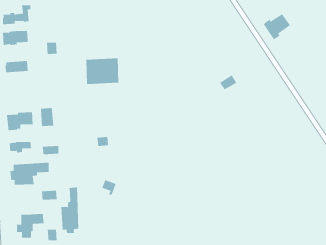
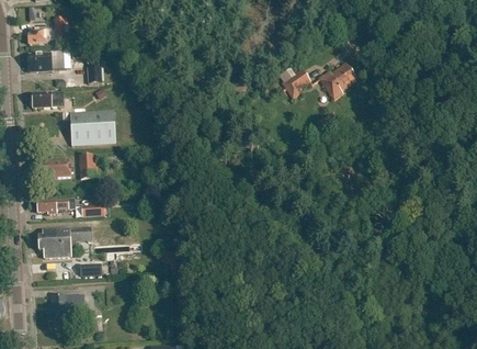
building: [263,14,291,40] -> [319,64,356,99]
building: none -> [281,68,310,99]
building: [85,58,119,84] -> [70,110,115,145]
building: [61,186,79,234] -> none

